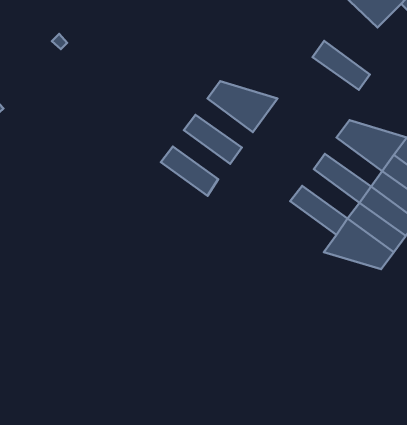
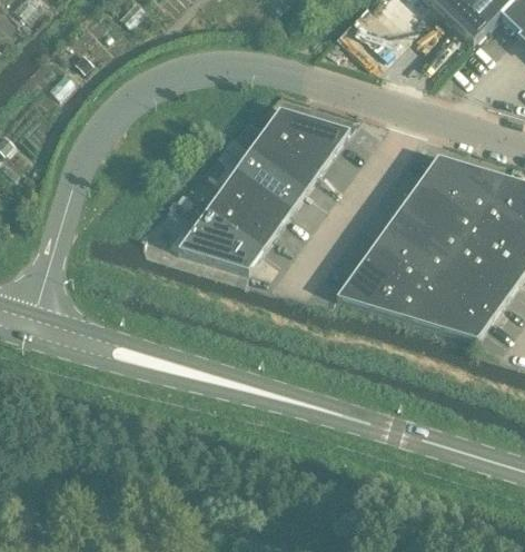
building: [312,41,370,90] -> [408,176,478,236]
building: none -> [250,128,320,188]
building: none -> [222,167,293,227]
building: none -> [178,206,265,268]
building: none -> [380,215,450,275]
building: none -> [337,254,423,316]

